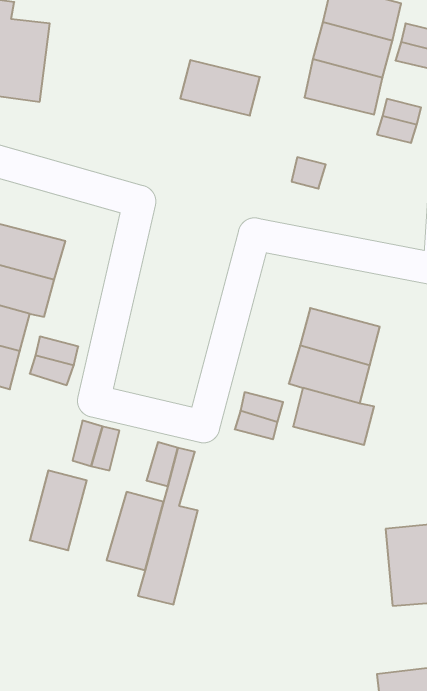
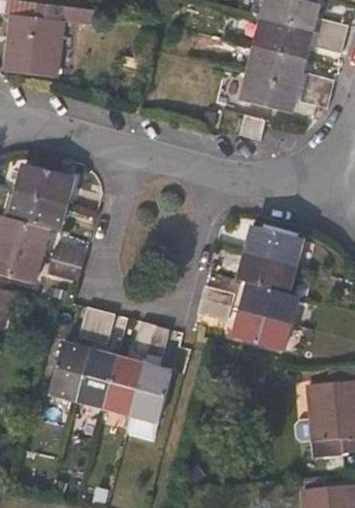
building: [180,60,260,116] -> [241,72,299,112]
building: none -> [234,310,292,350]
building: none -> [77,349,120,407]

